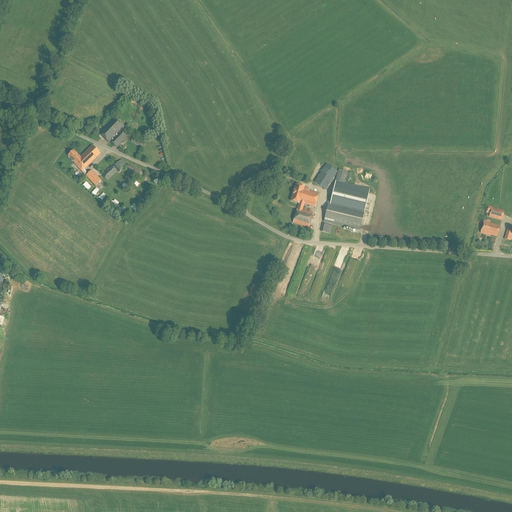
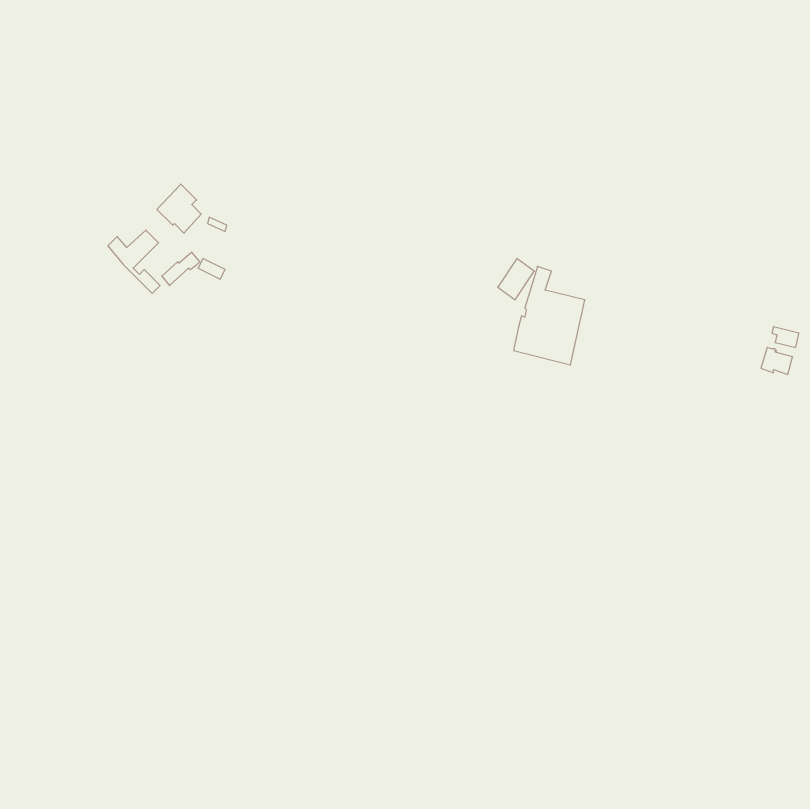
building: [291,183,319,227] -> none

